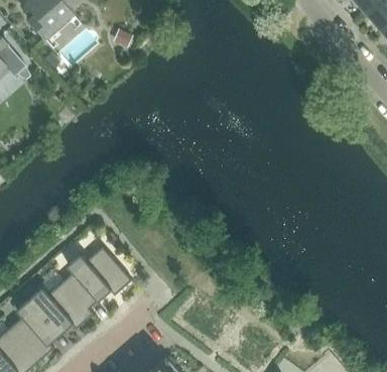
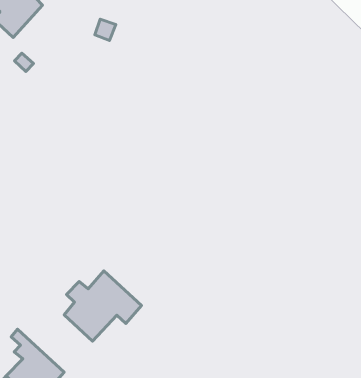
building: [22,282,93,332] -> none

